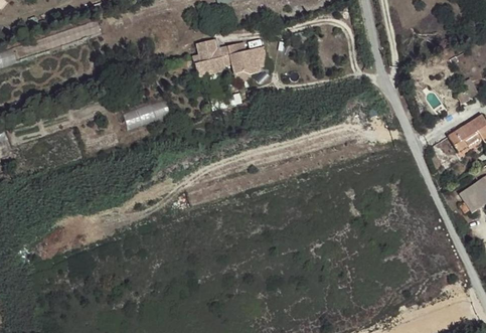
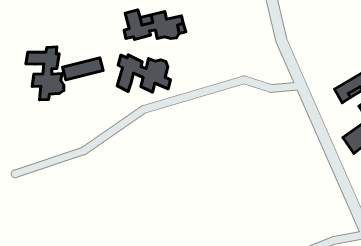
building: none -> [26,47,64,100]
building: none -> [117,55,170,92]

